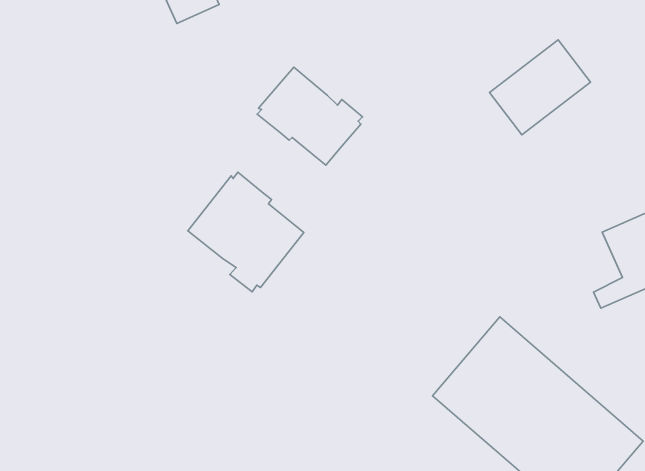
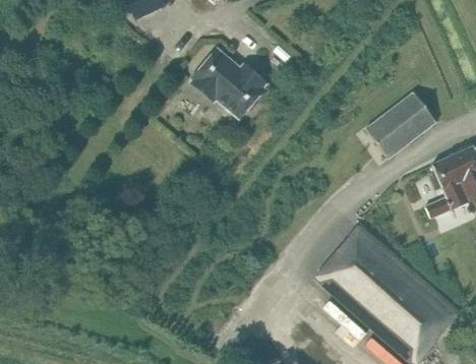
building: [490,40,590,135] -> [366,92,436,158]
building: [188,172,304,292] -> none

